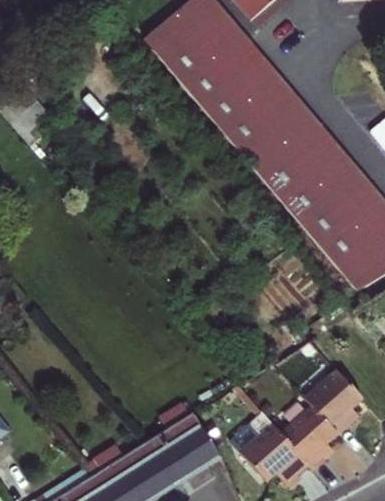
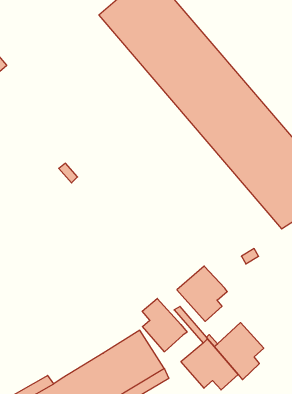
building: [304,367,363,432] -> [177,266,227,321]
building: none -> [142,298,187,352]

